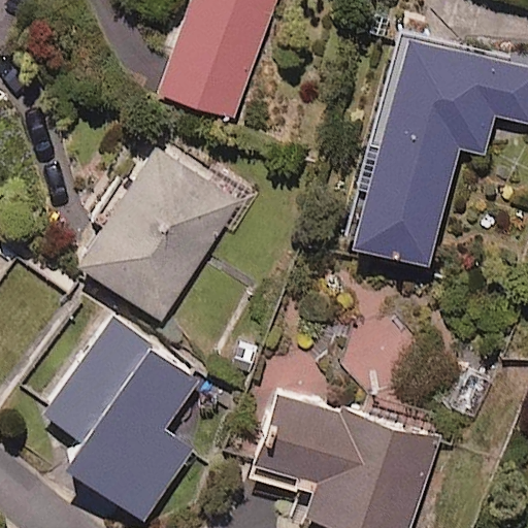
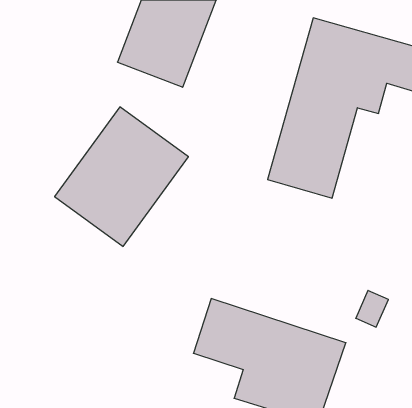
building: [43,318,198,522] -> none

